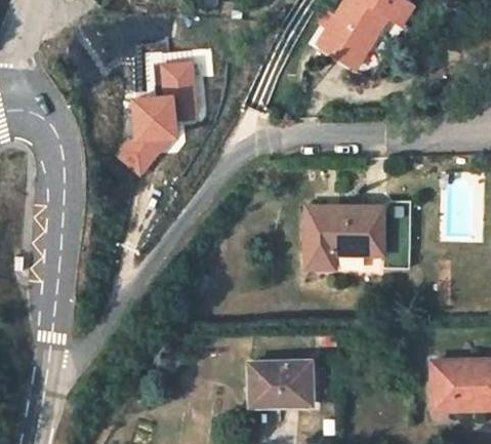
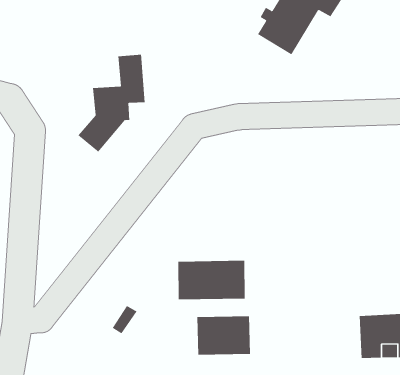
building: [305,199,409,269] -> none
building: none -> [178,260,245,300]

